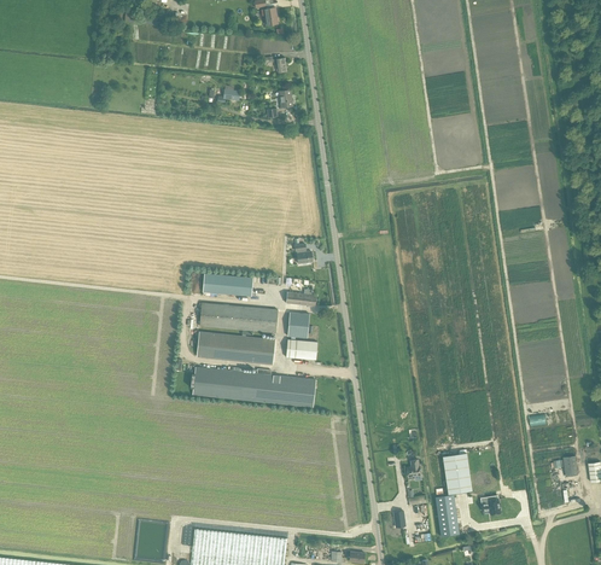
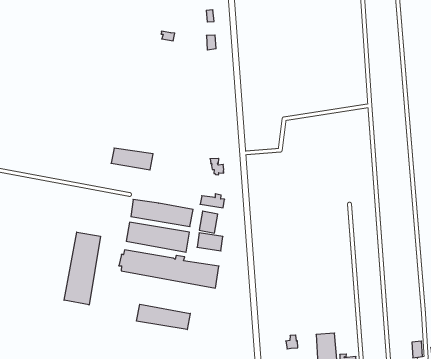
building: [200,273,252,297] -> [111,148,153,170]
building: none -> [64,232,100,305]
building: none -> [137,304,190,330]

